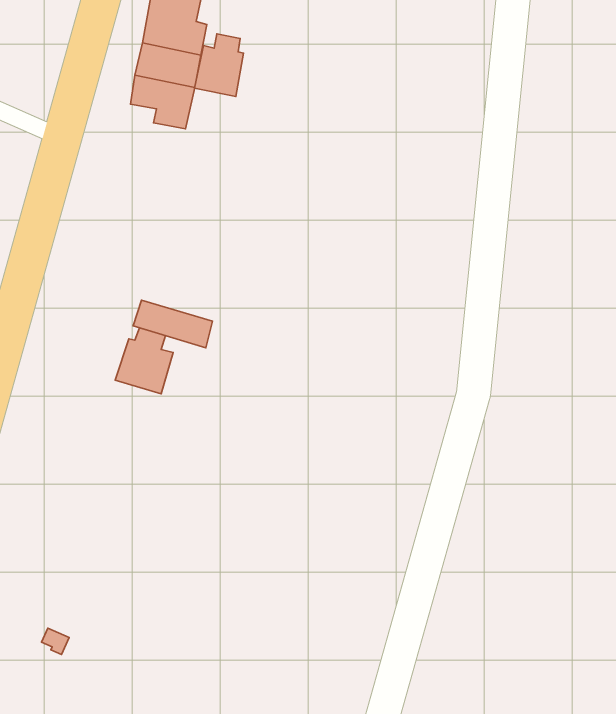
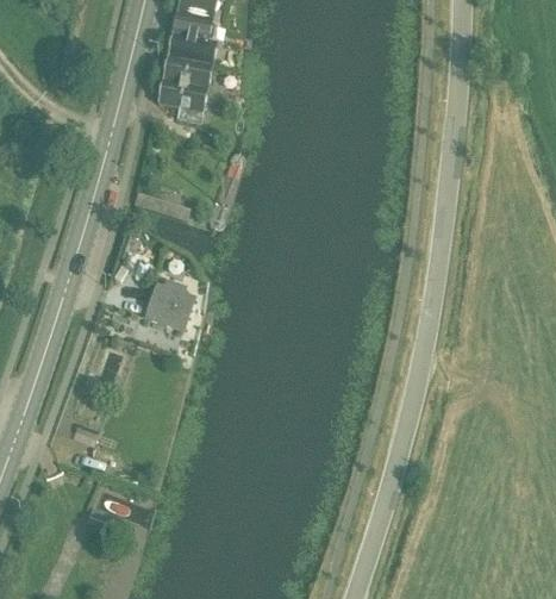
building: [195,34,244,97] -> none
building: [133,300,213,348] -> none

